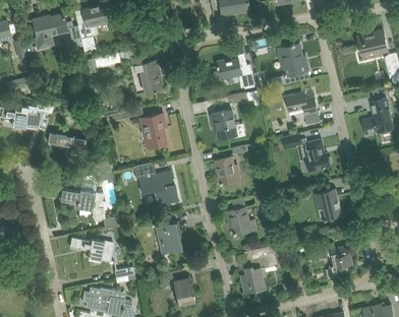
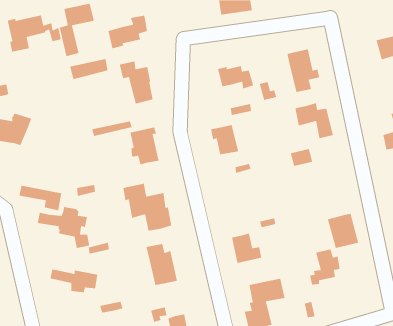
building: none -> [107,15,148,49]
building: [47,132,86,155] -> [18,185,62,211]
building: [305,139,331,171] -> none
building: [215,156,237,184] -> none
building: [325,246,352,278] -> [309,249,341,286]

